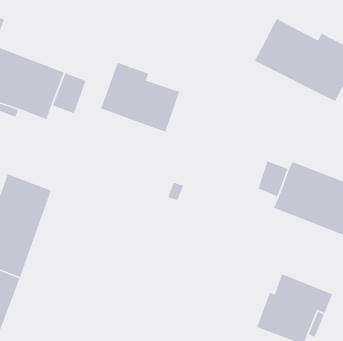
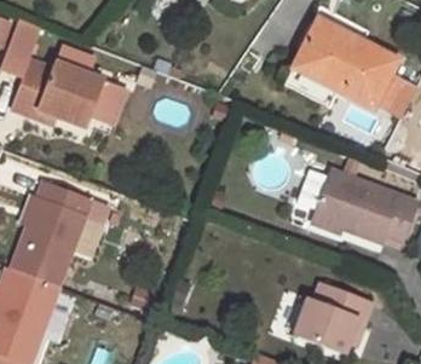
building: [100,62,180,133] -> none

